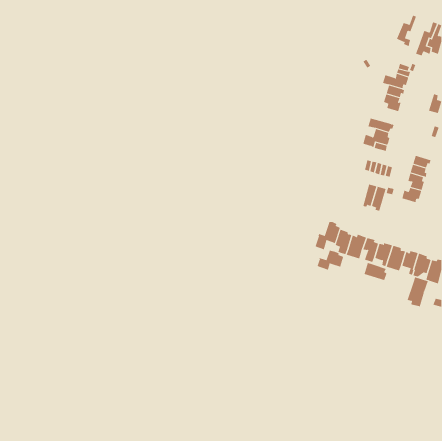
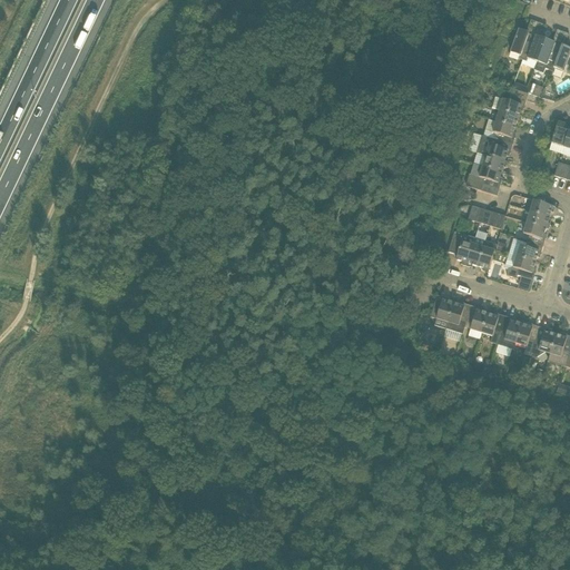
building: none -> [522,21,546,60]
building: none -> [476,135,513,159]
building: none -> [449,230,474,265]
building: none -> [507,255,537,279]
building: [315,221,340,250] -> none
building: [317,250,344,270] -> none
building: [364,262,387,281] -> none
building: [407,276,428,307] -> none

